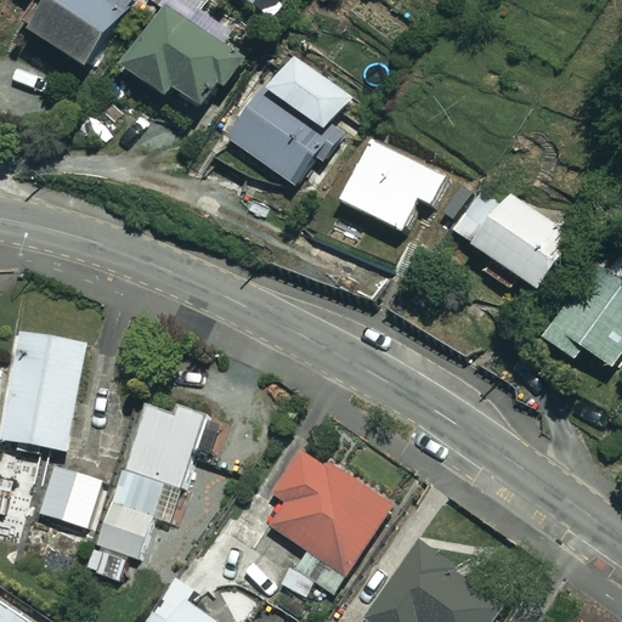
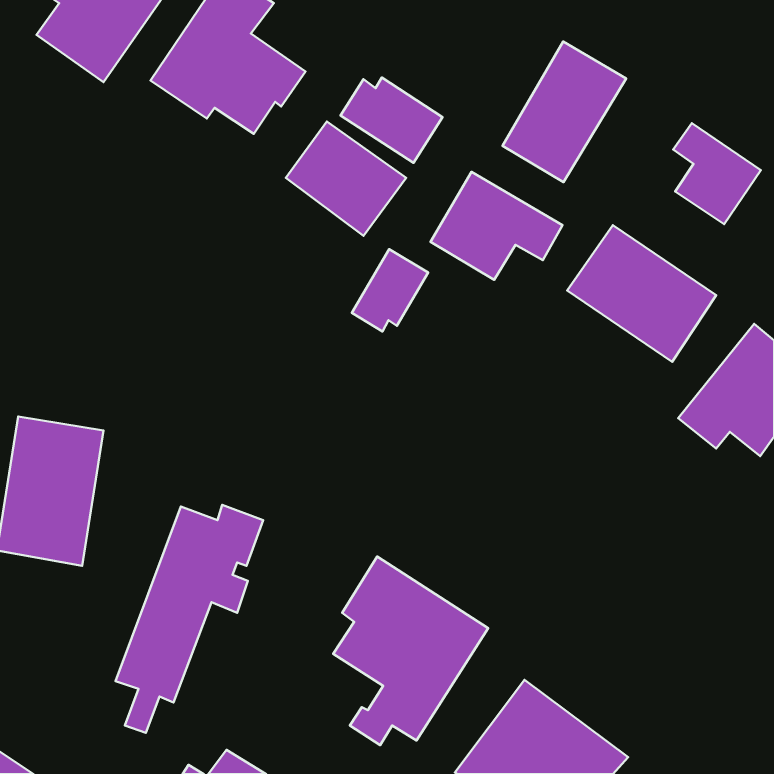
building: none -> [502,41,626,182]
building: none -> [673,123,761,224]
building: none -> [352,249,428,332]
building: [35,463,106,532] -> none

